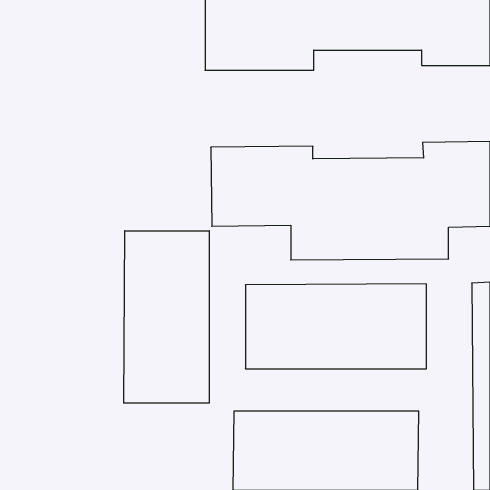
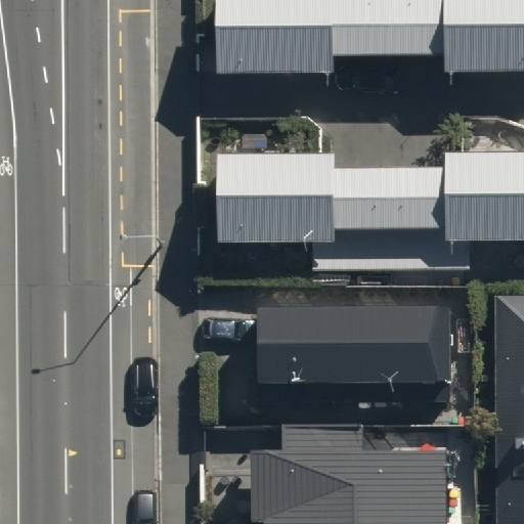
building: [124,231,209,403] -> none

